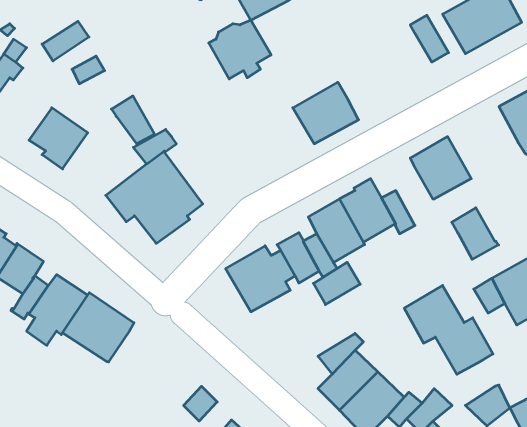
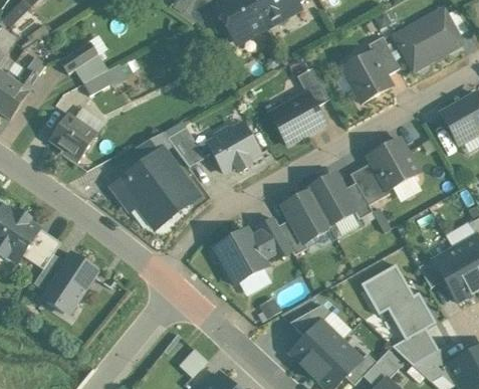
building: [209,20,271,79] -> [207,124,259,173]
building: none -> [342,51,392,103]
building: none -> [296,67,329,107]
building: [111,96,154,144] -> [168,127,204,167]
building: [452,208,499,259] -> [350,162,390,205]
building: [313,262,360,305] -> none
building: [63,293,134,362] -> none
building: none -> [394,326,439,363]

